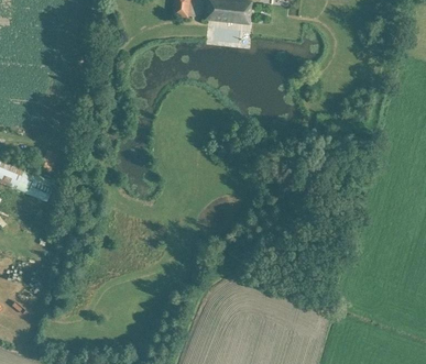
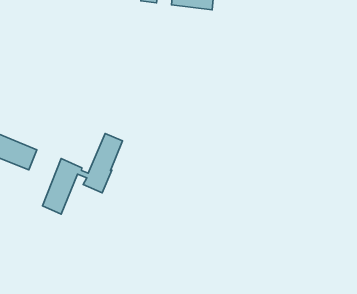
building: none -> [42,134,122,214]

